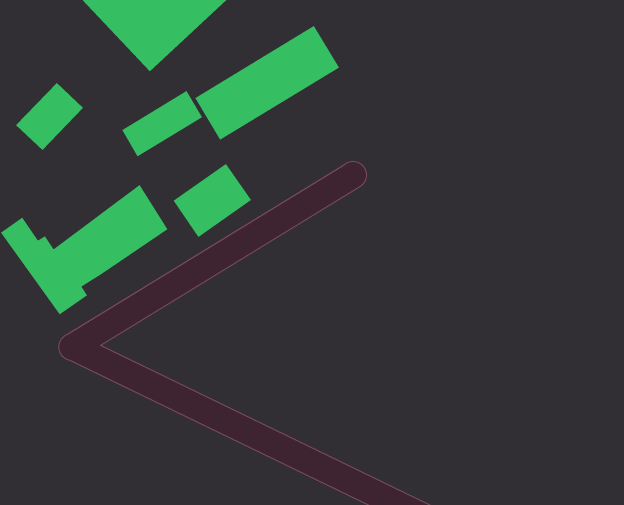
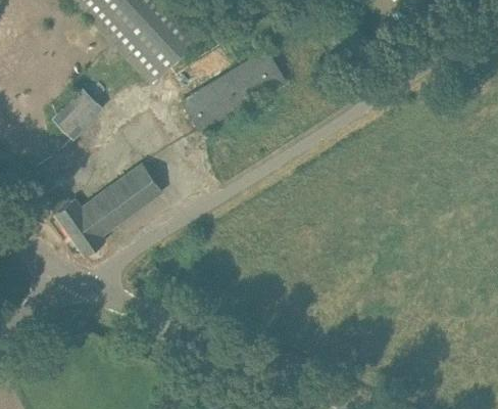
building: [121,90,203,157] -> none
building: [172,163,252,238] -> none

